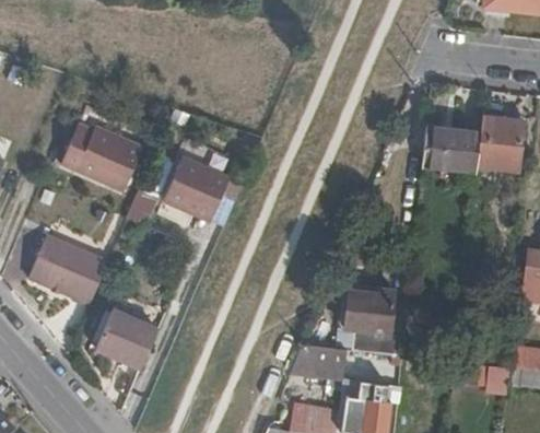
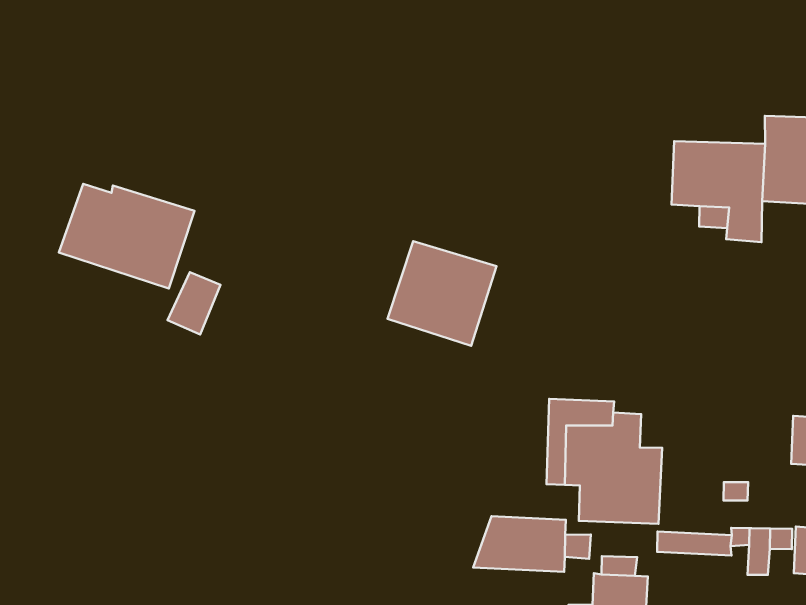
building: [163,159,230,223] -> [388,241,496,346]
building: [30,237,108,308] -> none
building: [93,316,155,373] -> none

